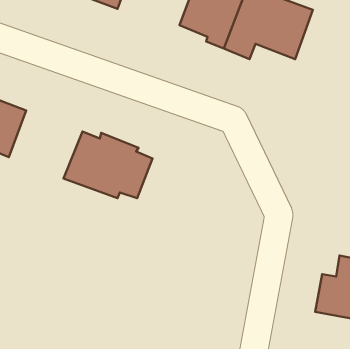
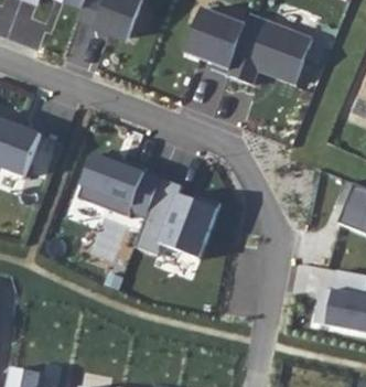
building: none -> [134,179,219,258]

